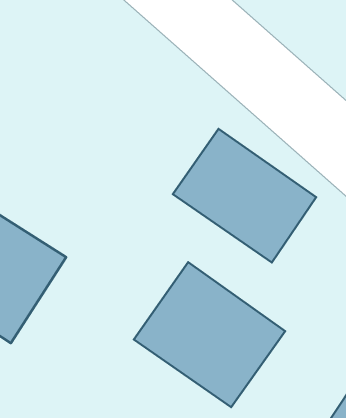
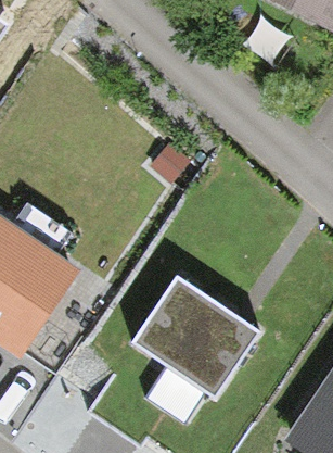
building: [173,129,316,262] -> none

